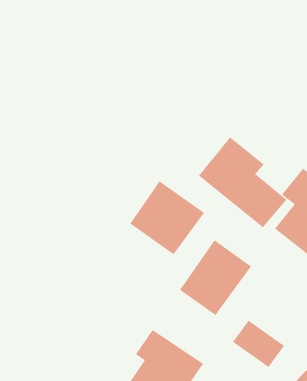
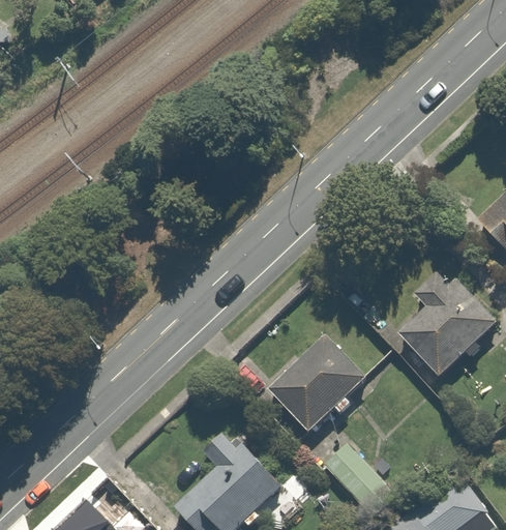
building: [198,136,287,228] -> none
building: [130,180,205,255] -> none

